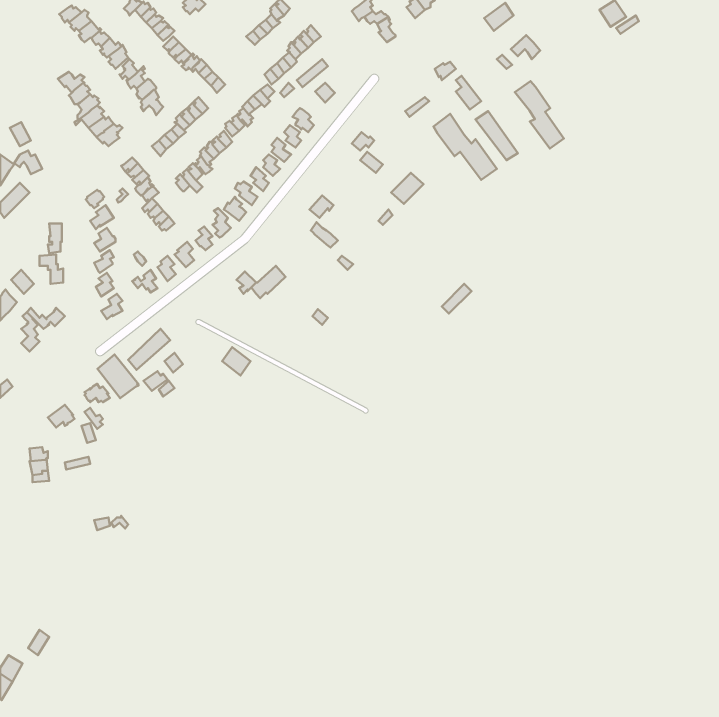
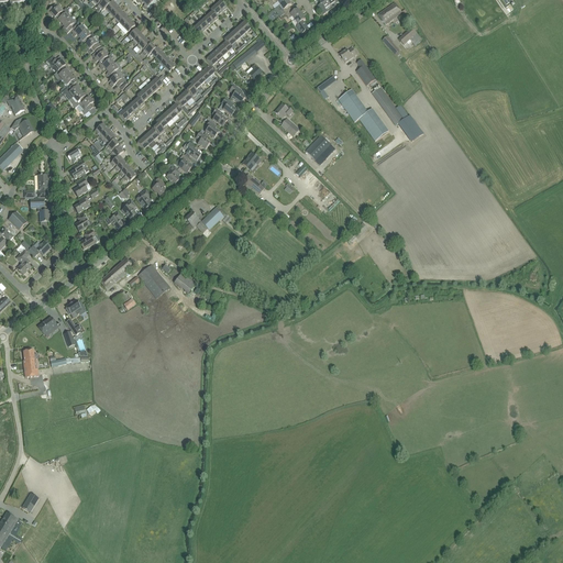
building: [515,81,564,149] -> none
building: [98,355,138,398] -> [139,265,170,299]

